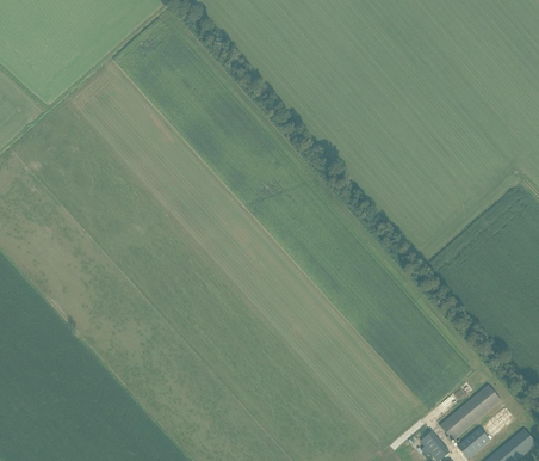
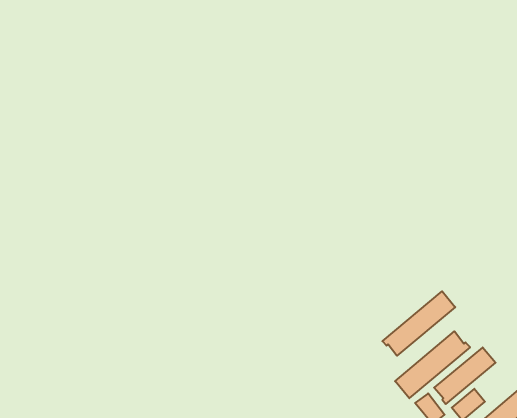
building: none -> [382,291,455,356]
building: none -> [395,331,470,398]

